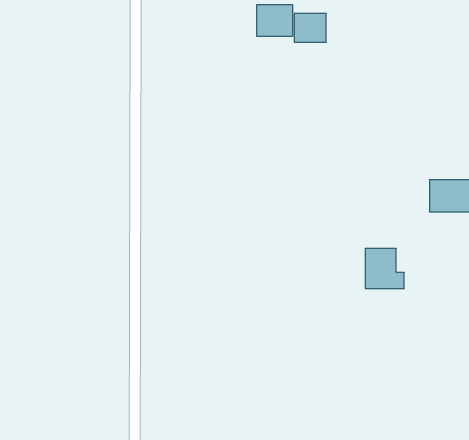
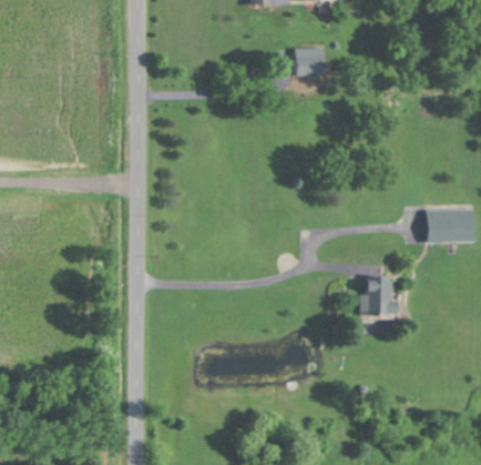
building: [257,5,292,36] -> none

